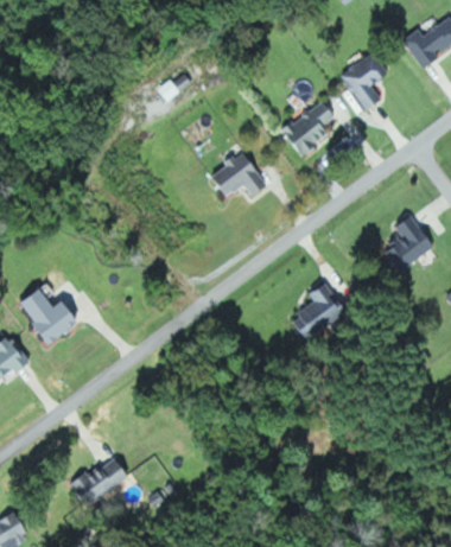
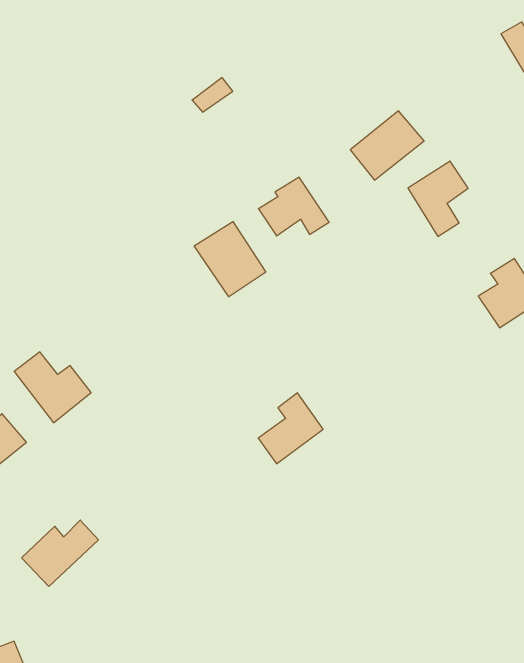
building: [339,52,387,112] -> [408,161,468,236]
building: none -> [194,222,266,297]
building: [292,282,343,338] -> [258,393,323,464]
building: [66,457,127,509] -> [22,520,98,586]

